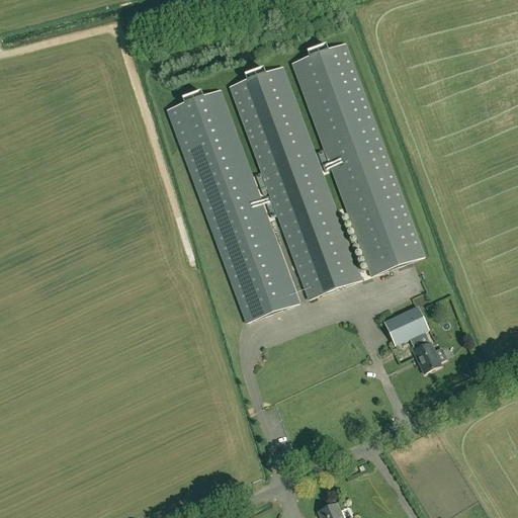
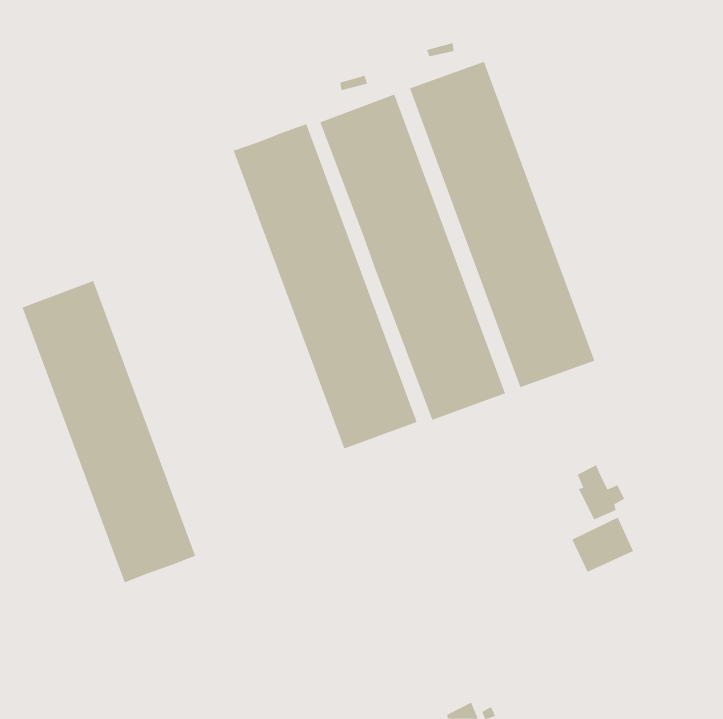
building: none -> [22,280,196,583]
building: [381,301,426,341] -> [571,517,634,572]

